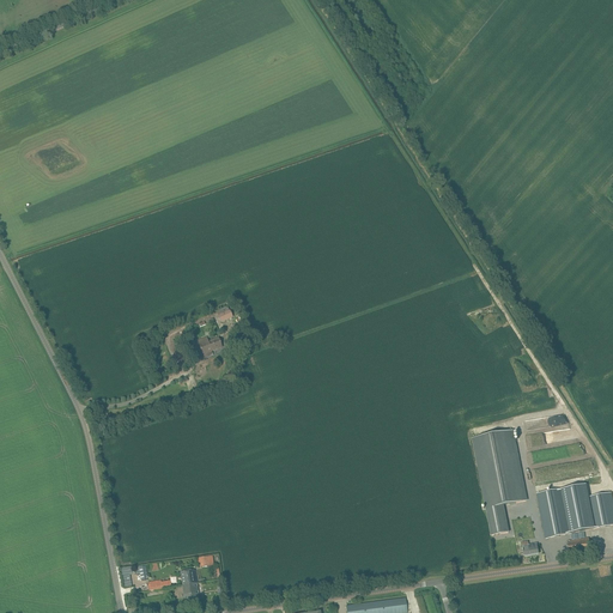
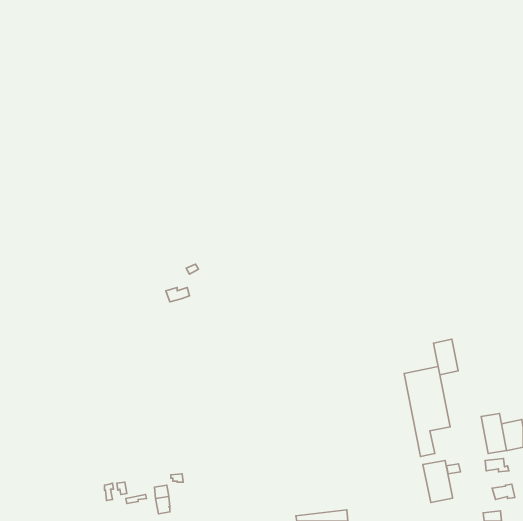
building: none -> [434,339,458,375]
building: [536,487,571,536] -> [423,460,452,502]

